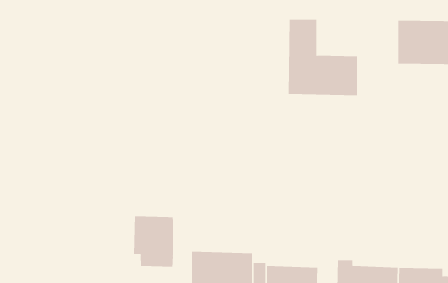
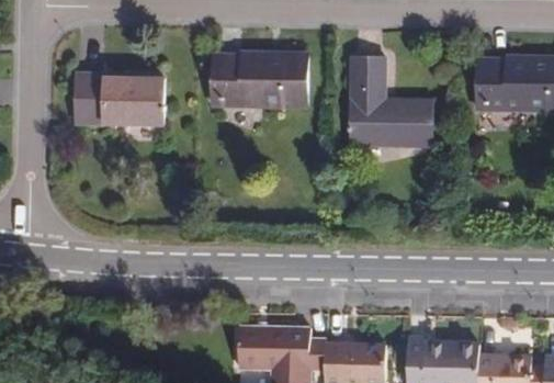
building: none -> [212,55,306,106]
building: none -> [75,77,163,124]
building: [133,216,174,267] -> none

